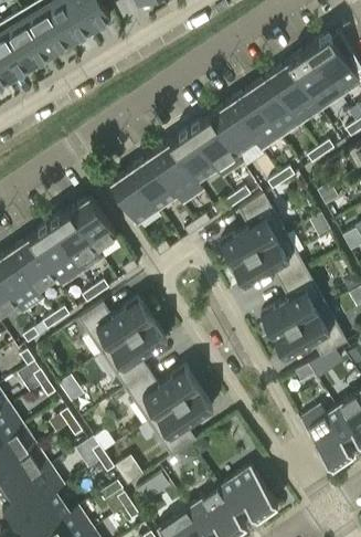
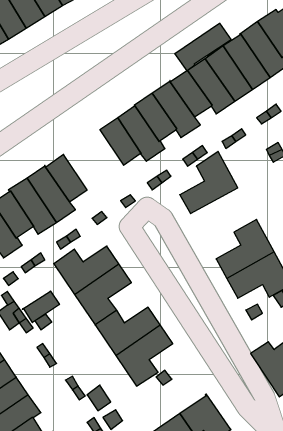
building: none -> [175,23,231,71]
building: [109,170,157,224] -> none
building: [232,235,306,286] -> none
building: none -> [22,291,59,323]

